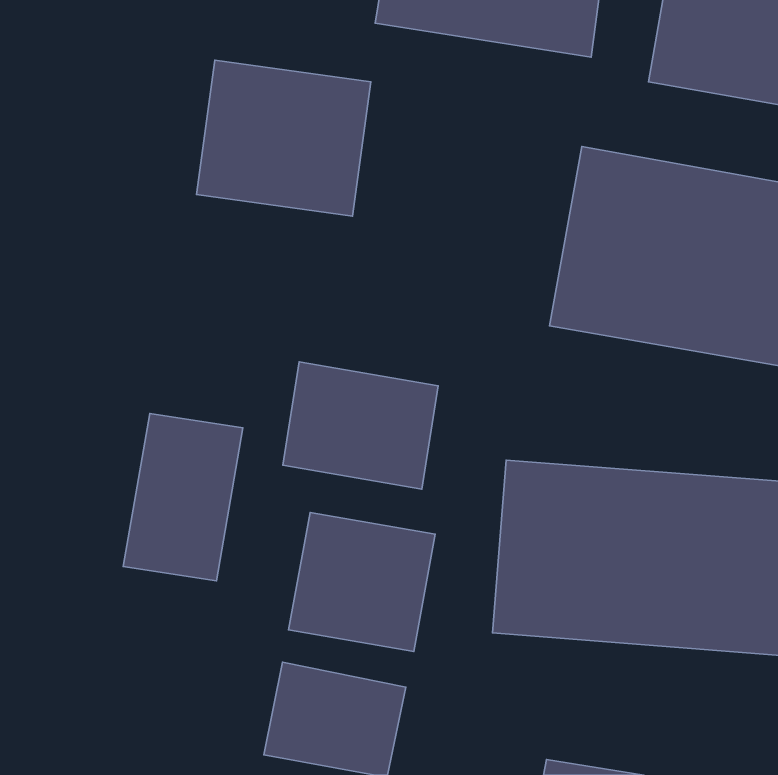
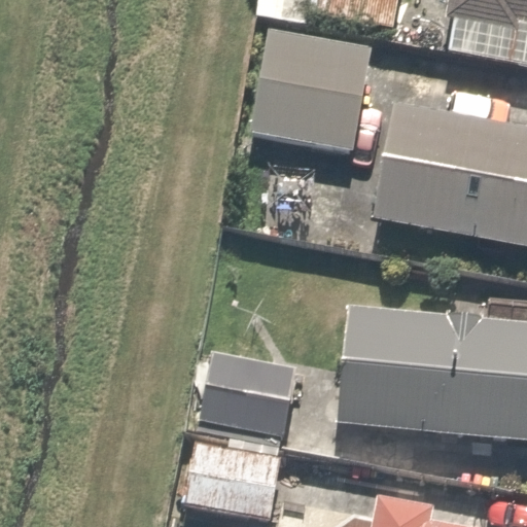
building: [196,60,371,216] -> [253,40,370,144]
building: [283,362,438,489] -> none
building: [123,414,243,581] -> none

